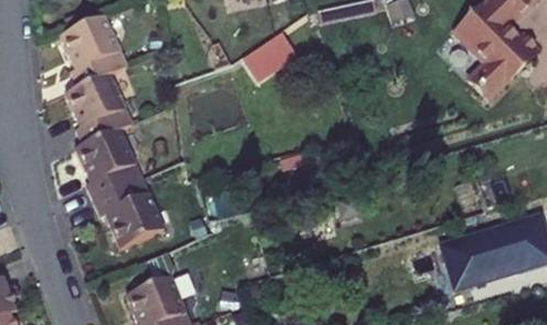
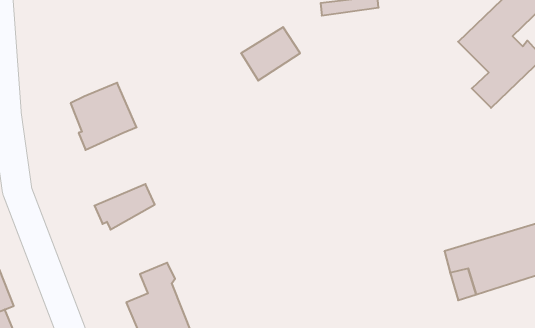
building: [66,24,134,95] -> none
building: [77,130,144,201] -> none
building: [109,200,167,251] -> none

